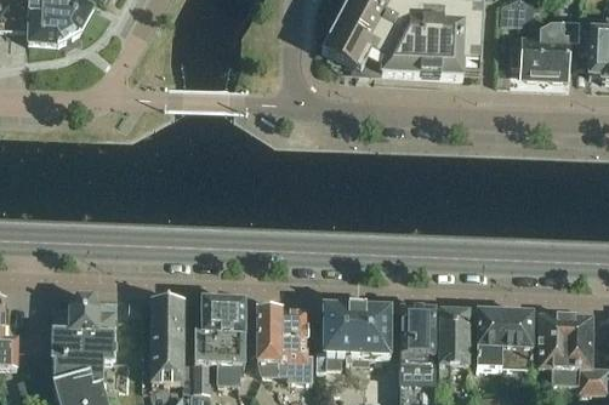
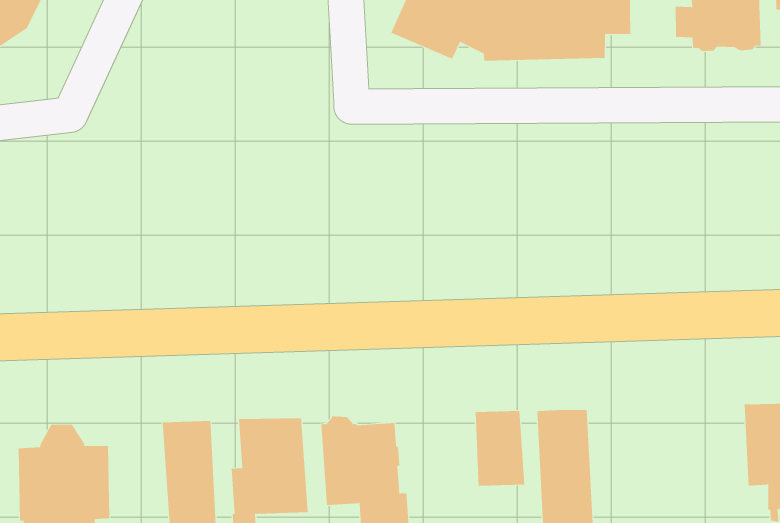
building: [315,303,359,370] -> none
building: [438,308,468,380] -> none
building: [476,309,531,369] -> none

